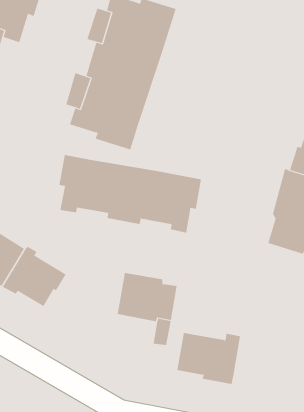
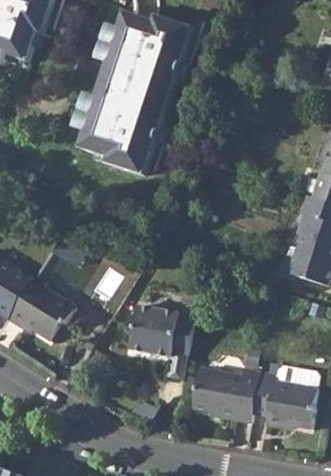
building: [59,154,202,233] -> none
building: none -> [254,365,320,429]

